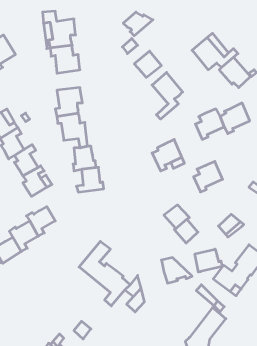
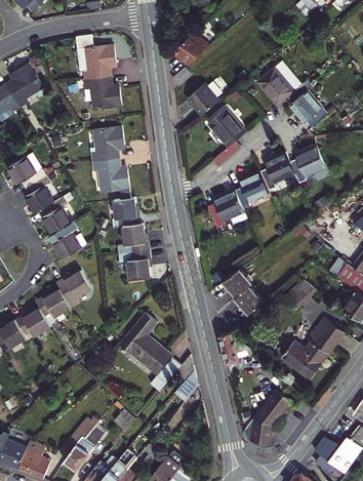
building: [194,161,223,192] -> [234,171,269,208]
building: none -> [118,249,150,280]
building: [195,249,222,272] -> none

